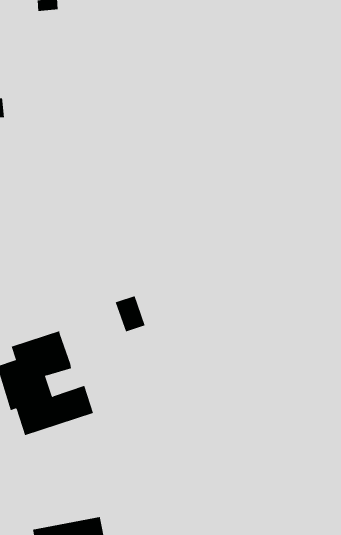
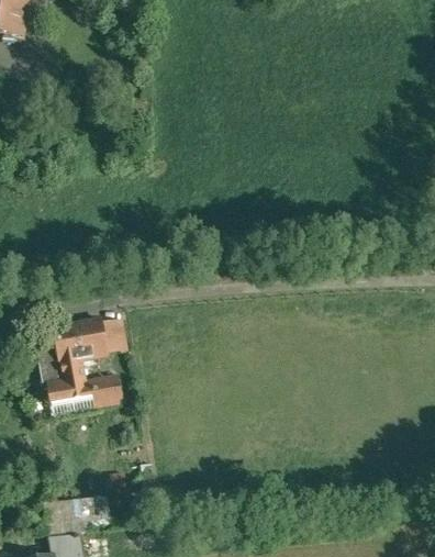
building: [115,295,146,332] -> [101,319,126,352]

